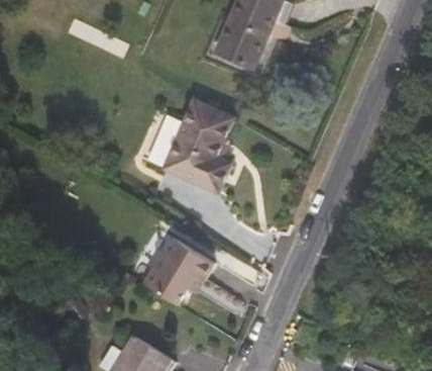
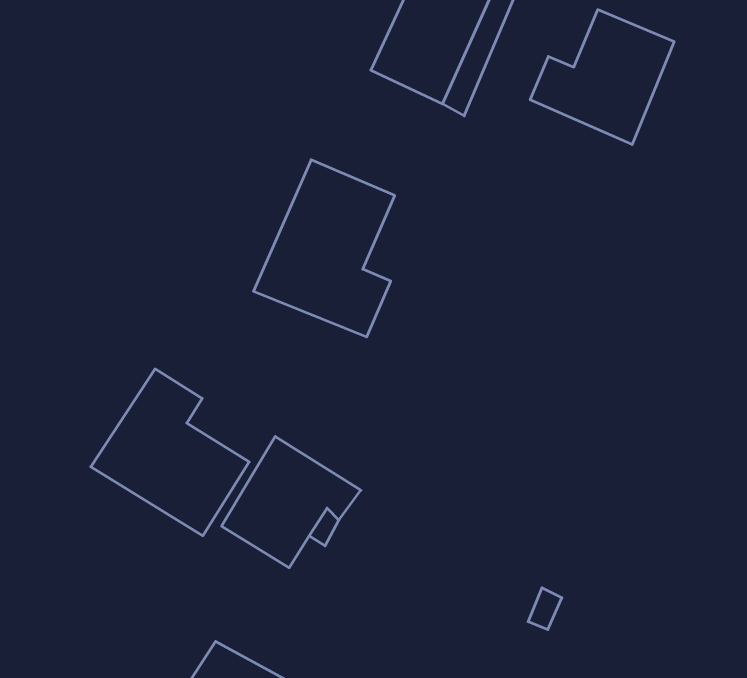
building: none -> [530,10,674,145]
building: none -> [91,369,249,536]

